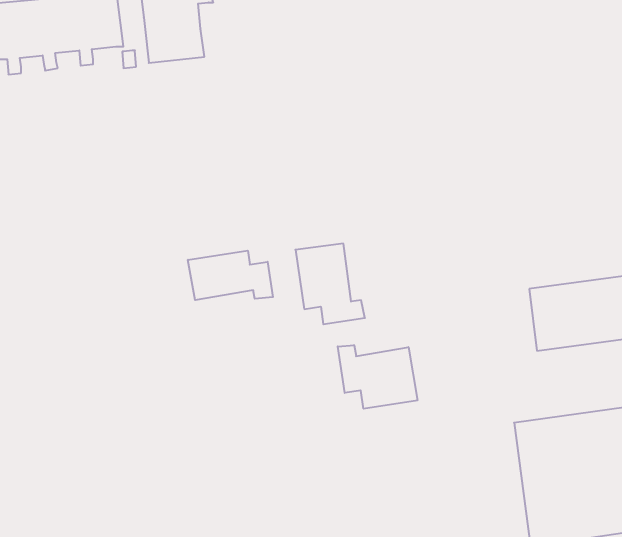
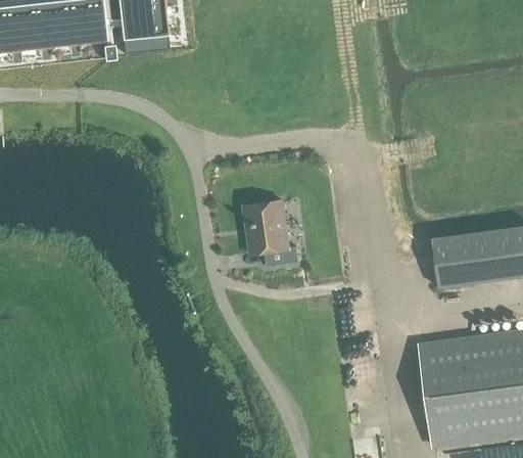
building: [188,251,273,300] -> none
building: [338,345,417,409] -> none

